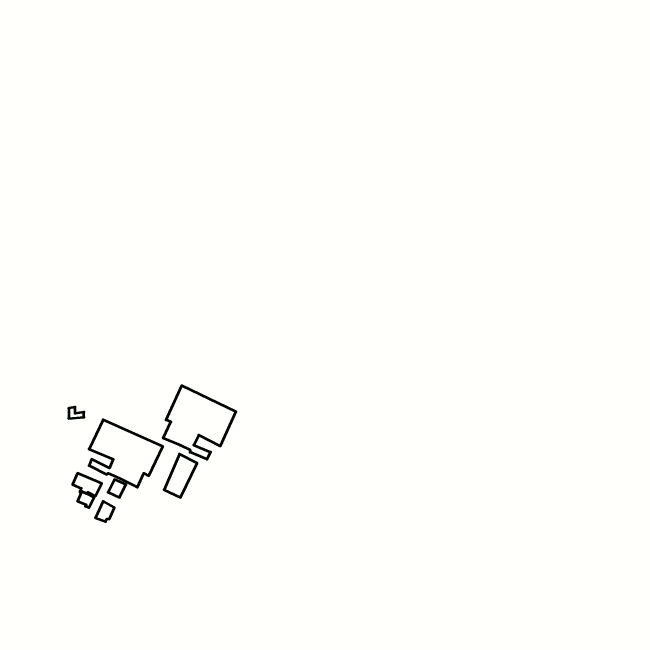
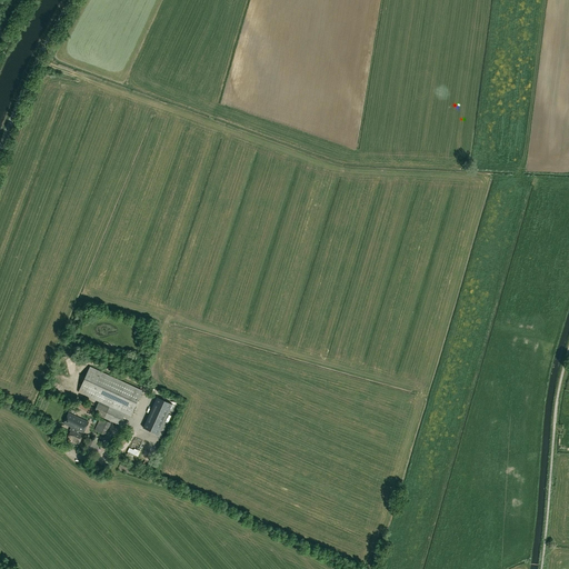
building: [163,386,236,459] -> none

